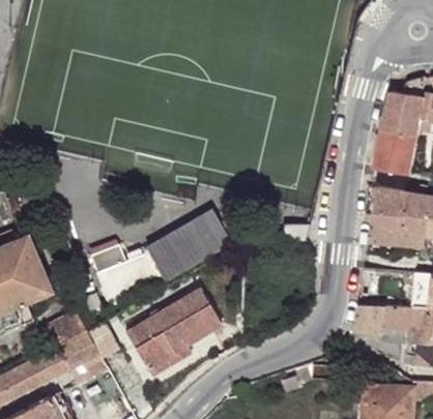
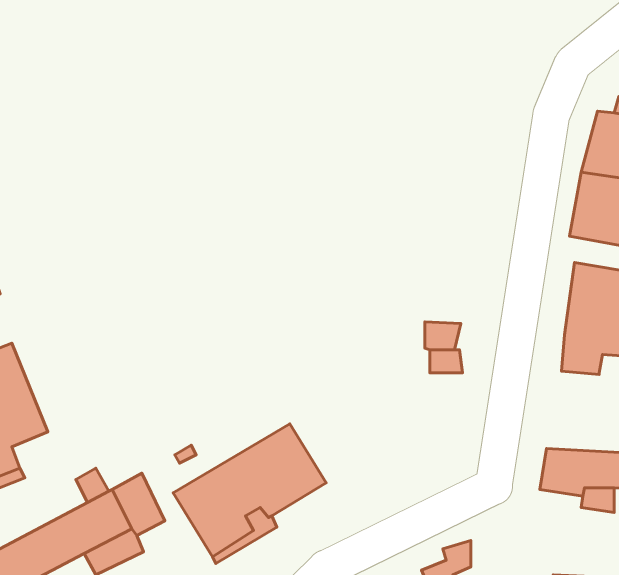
building: [88,209,230,306] -> none

